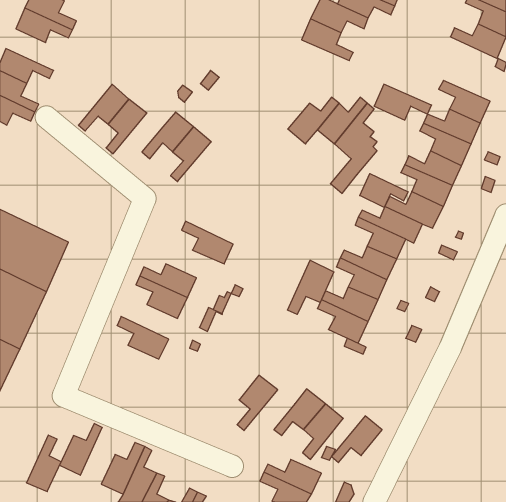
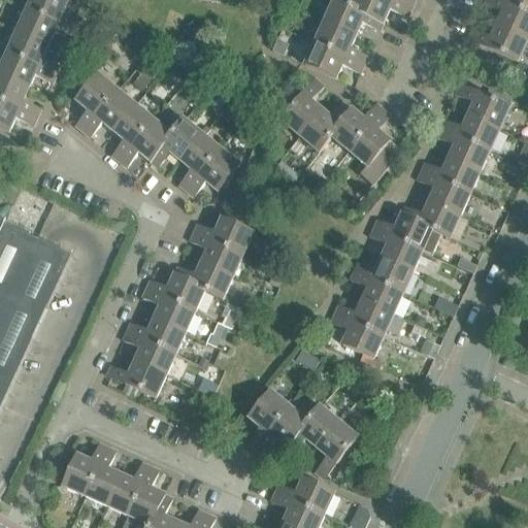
building: none -> [6,30,60,73]
building: none -> [73,72,117,130]
building: none -> [279,76,323,134]
building: [374,84,432,120] -> [303,41,363,78]
building: none -> [118,118,169,166]
building: none -> [185,147,238,195]
building: [360,174,408,207] -> none
building: none -> [193,217,253,254]
building: none -> [172,260,233,297]
building: [287,260,334,314] -> none
building: none -> [126,317,185,353]
building: none -> [105,359,165,396]
building: [331,416,382,463] -> [254,405,306,454]
building: [26,435,61,492] -> [84,444,120,503]

